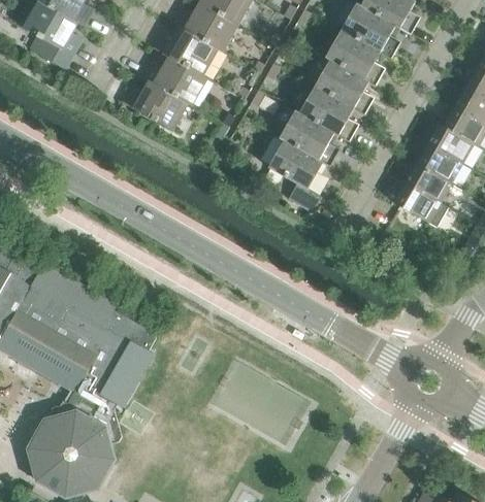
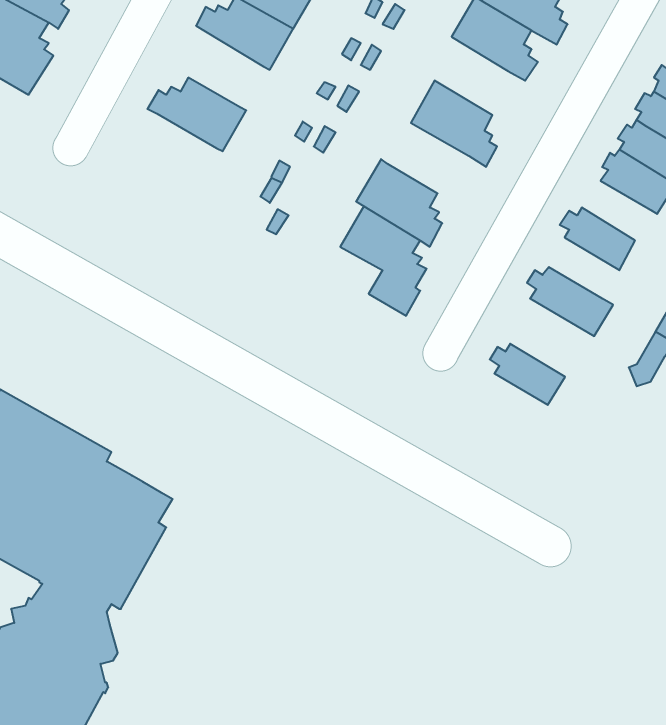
building: [153,26,218,76] -> none
building: [326,30,383,86] -> none
building: [121,80,187,130] -> none
building: [299,87,356,142] -> none
building: [425,124,474,164] -> none
building: [402,162,452,202] -> [490,344,565,405]

